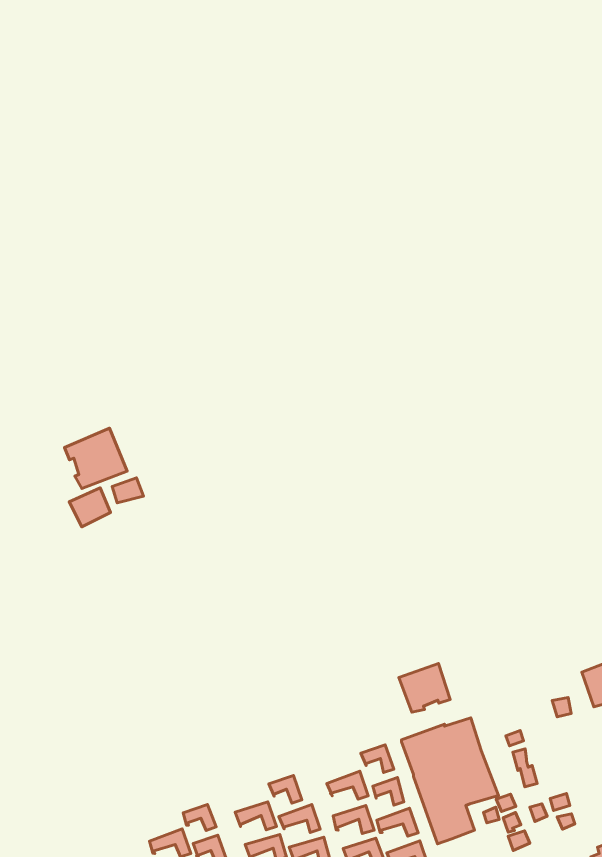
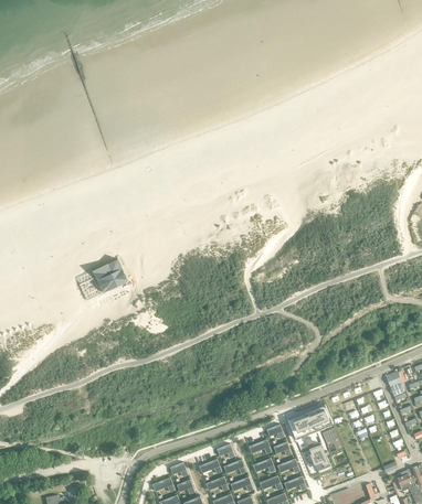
building: [399,664,450,712] -> none

